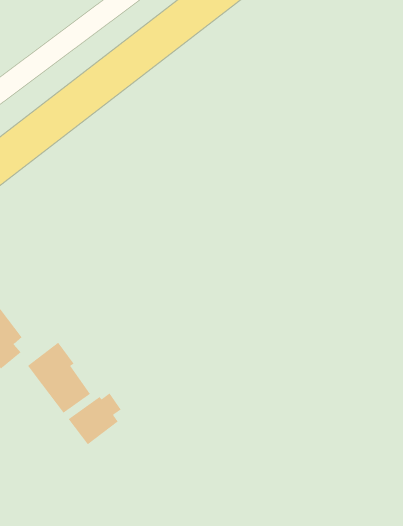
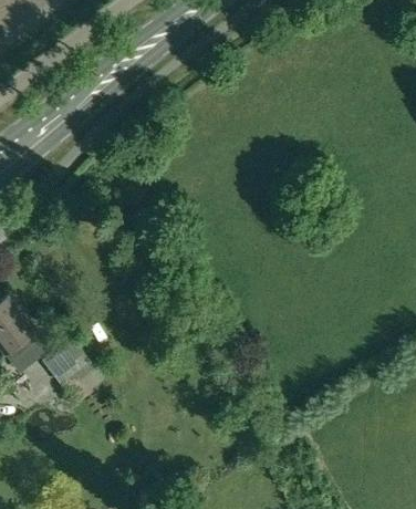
building: [68,393,121,445] -> none

